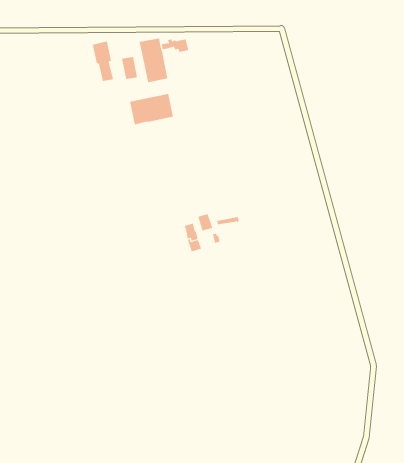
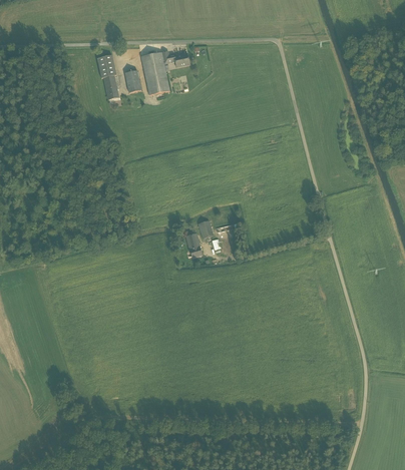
building: [129,93,174,125] -> none

